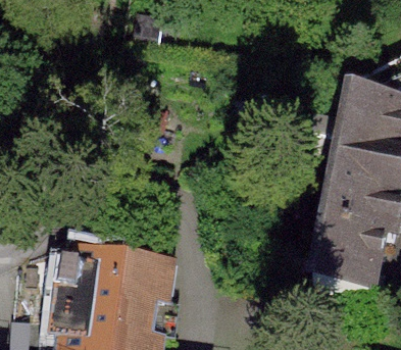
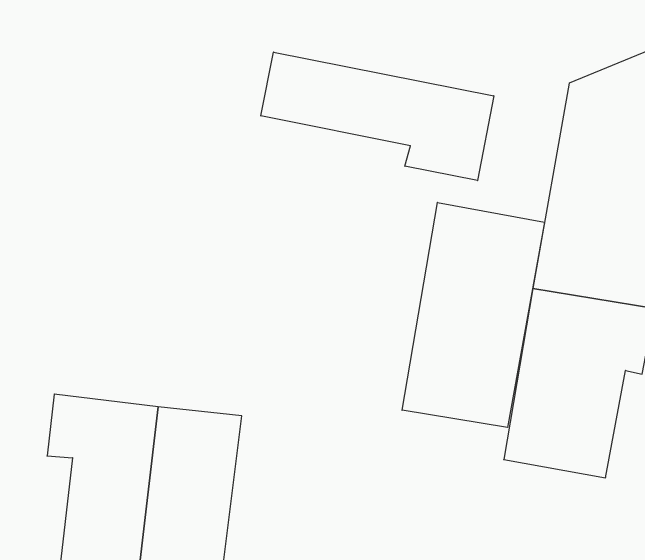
building: none -> [261,52,494,181]
building: none -> [402,202,545,427]

